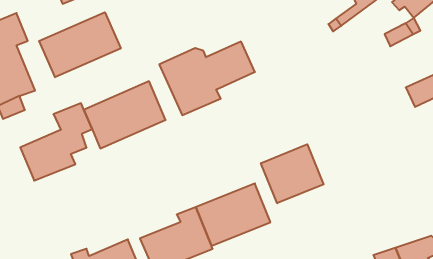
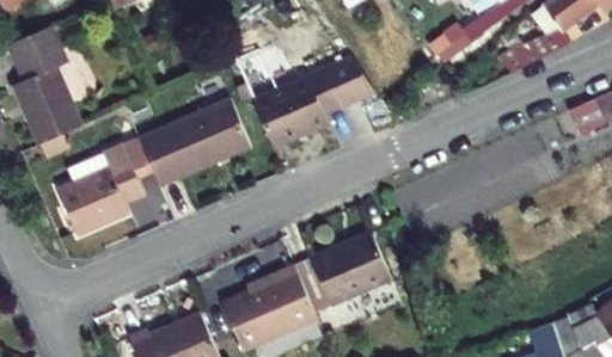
building: [39,12,121,77] -> none
building: [261,144,324,203] -> none

